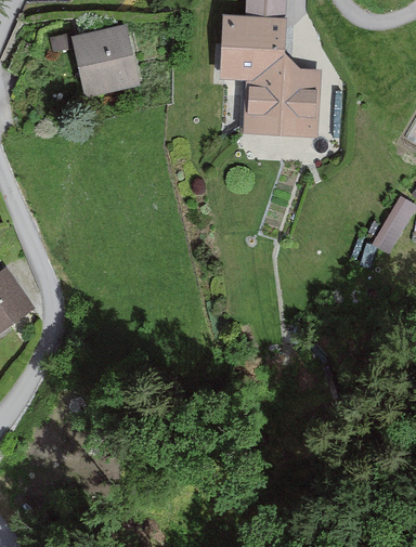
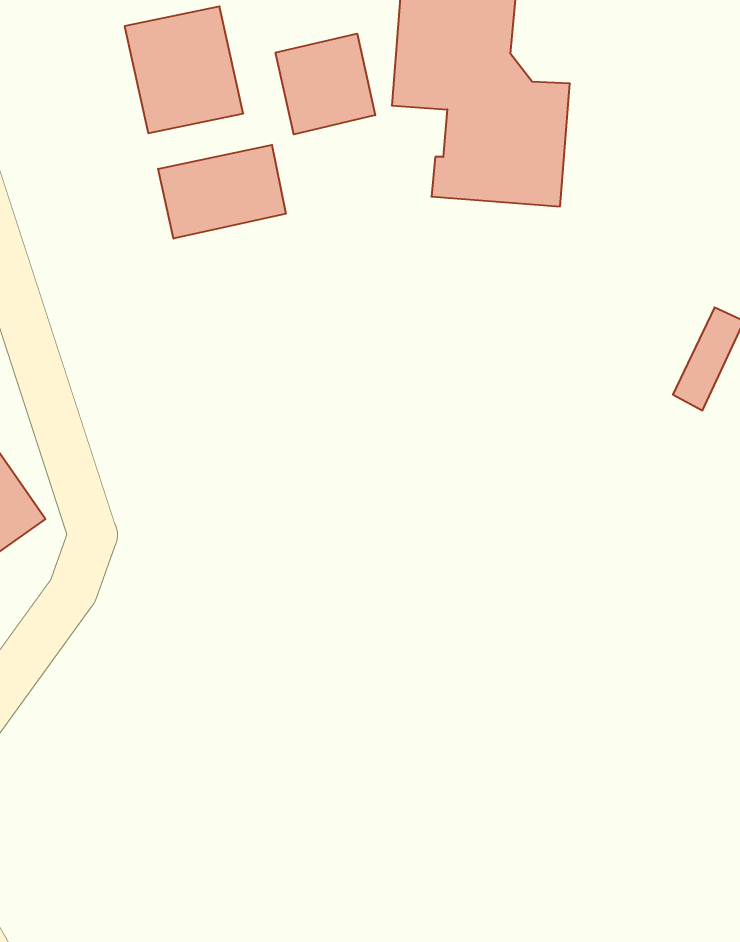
building: none -> [276,34,375,134]
building: none -> [158,145,286,239]

